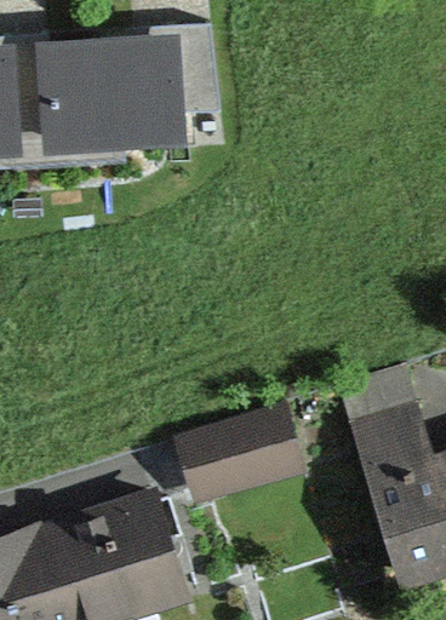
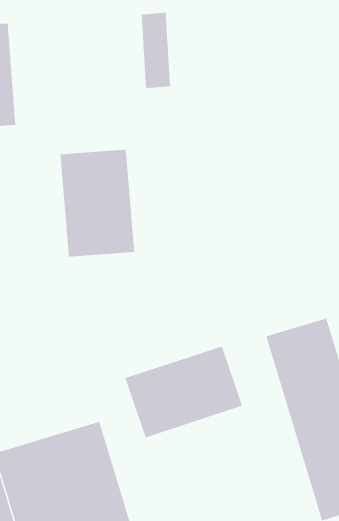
building: [44,30,198,156] -> none
building: none -> [60,149,135,257]

